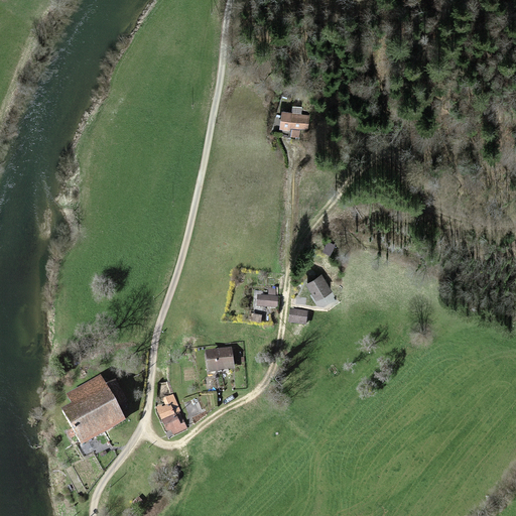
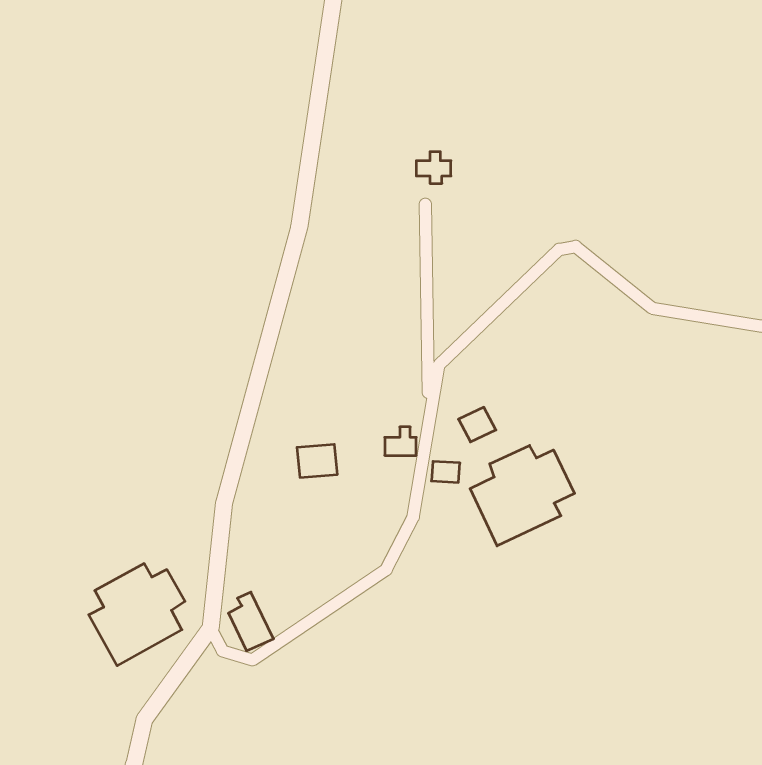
building: none -> [470,445,575,546]
building: [206,348,233,370] -> [297,444,337,477]

